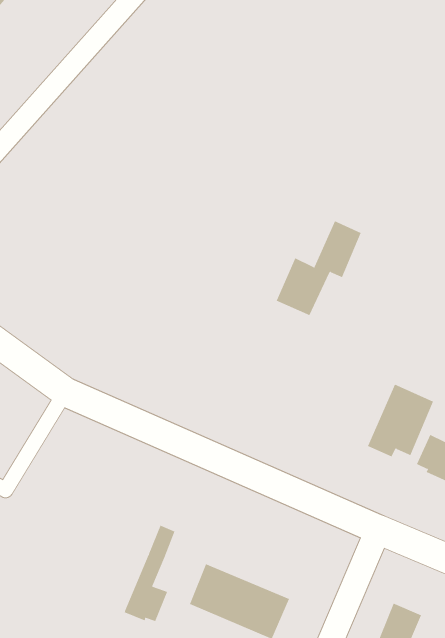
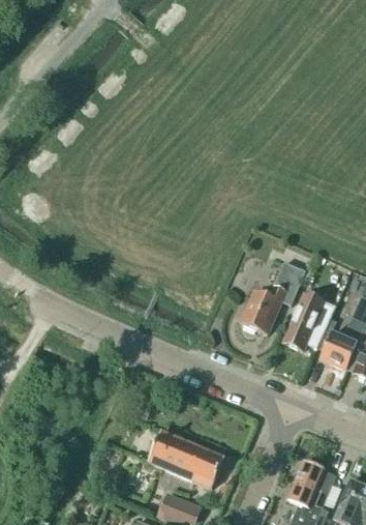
building: [276,221,362,316] -> [241,261,306,333]
building: [123,524,175,622] -> none

